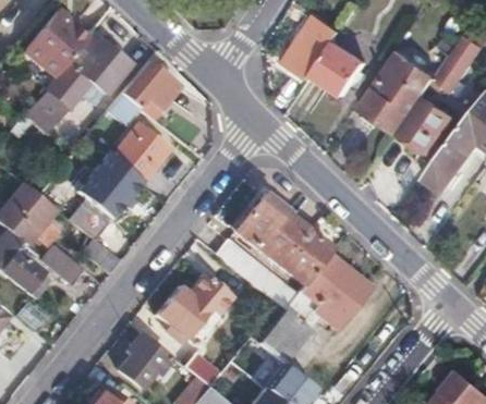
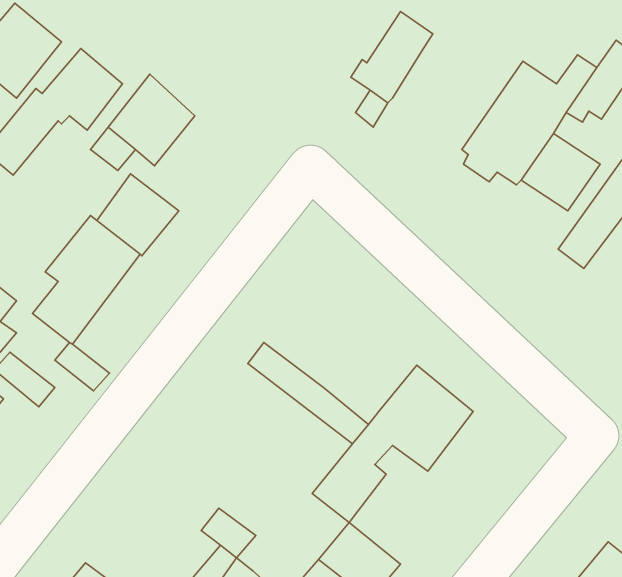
building: [313,42,364,95] -> none
building: [234,194,332,285] -> none
building: [156,273,232,344] -> none
building: [119,335,168,387] -> none

